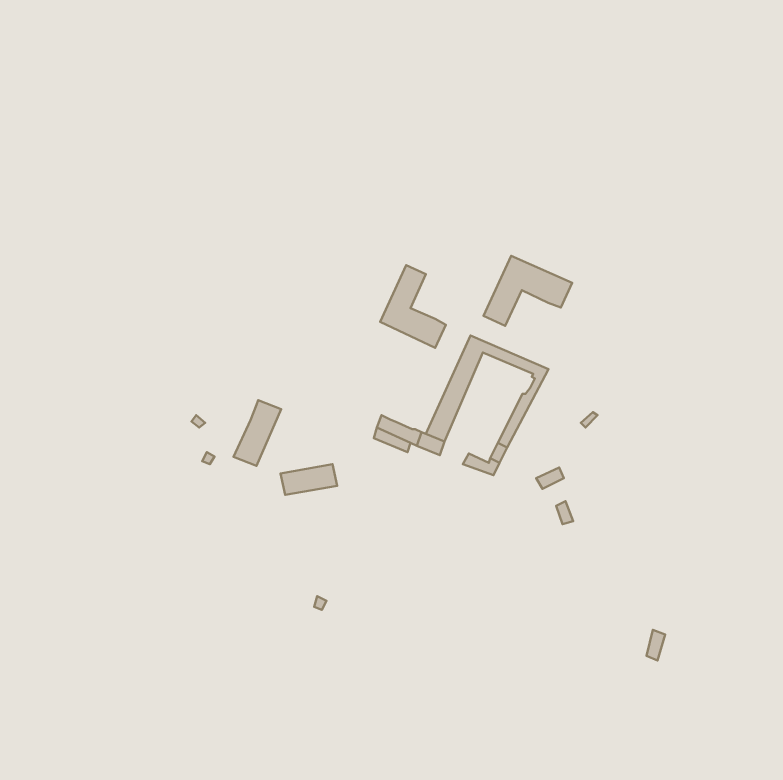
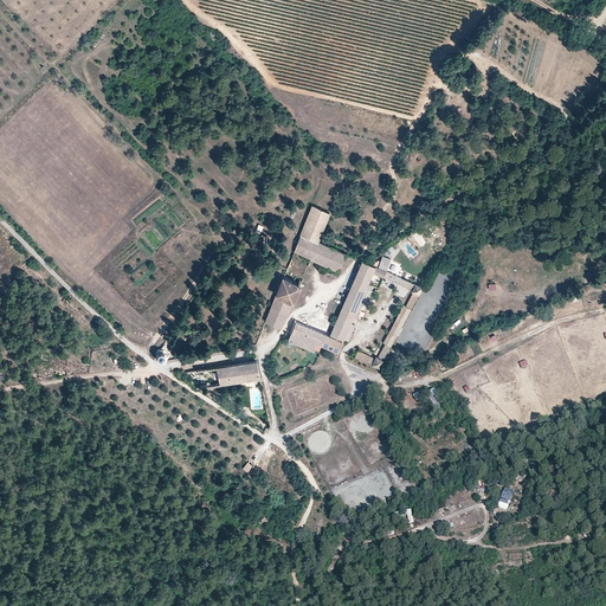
building: [483,256,572,326] -> none
building: [234,400,281,466] -> [264,278,301,329]

